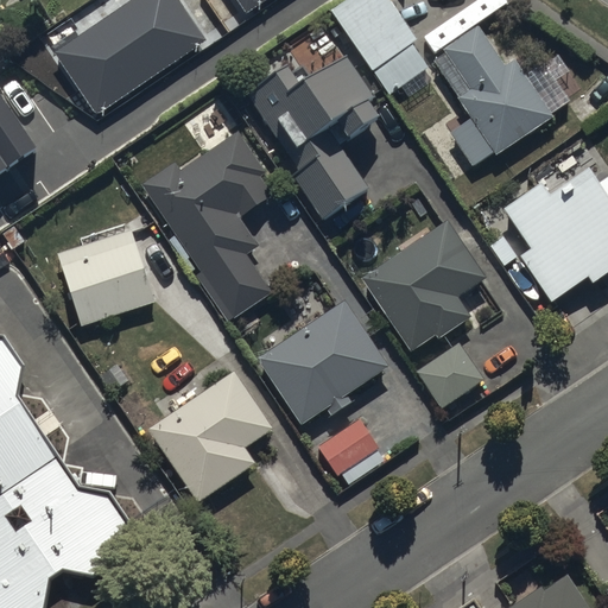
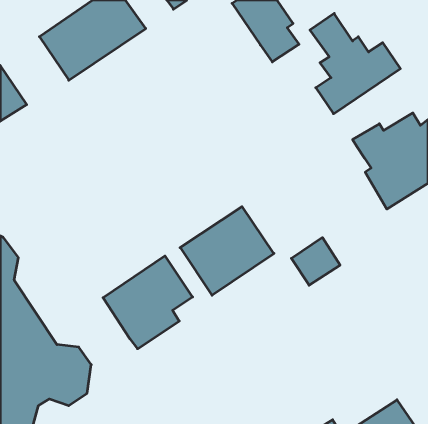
building: [243,55,378,223] -> none
building: [139,131,272,322] -> none
building: [357,220,482,355] -> none
building: [57,229,153,324] -> none
building: [315,419,379,479] -> none

